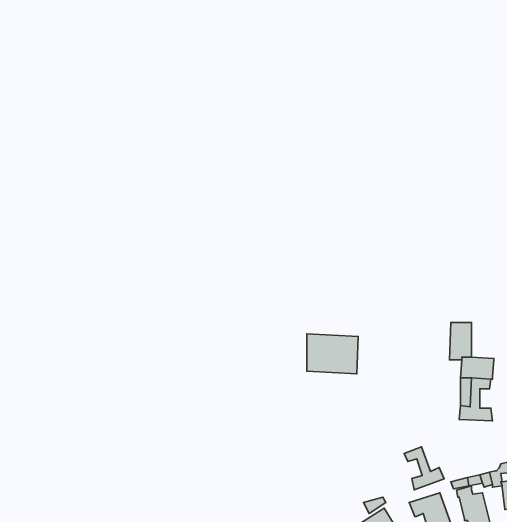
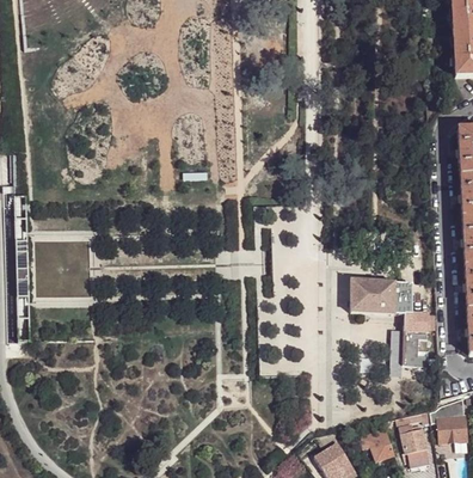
building: [307,334,358,374] -> [351,277,395,312]
building: [404,447,444,490] -> none

